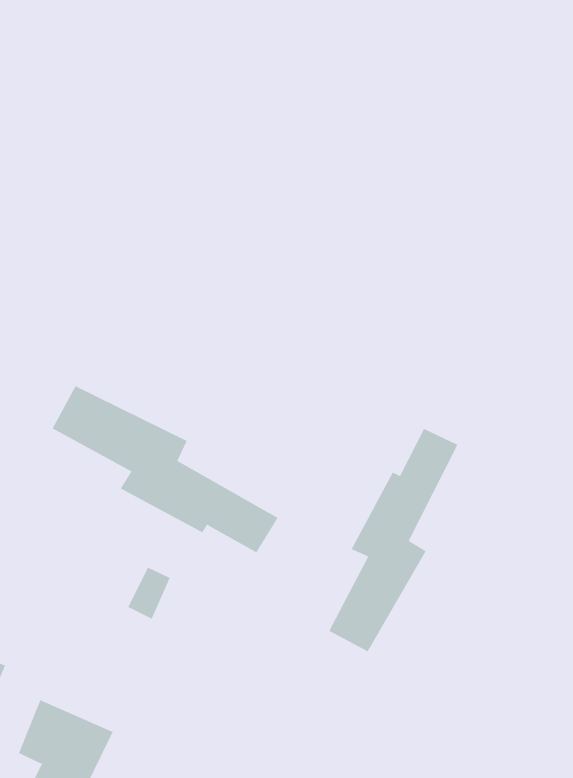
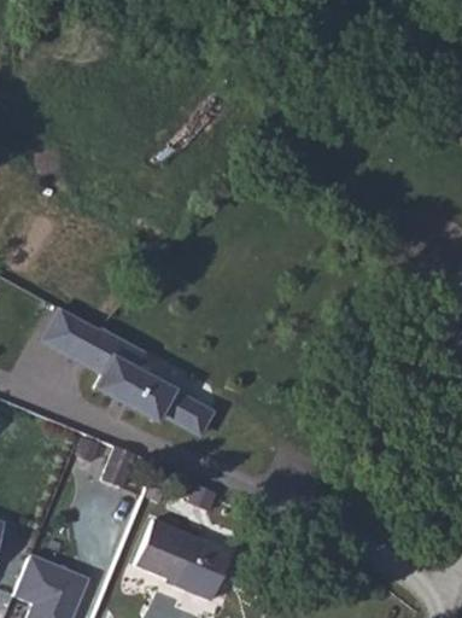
building: [328,428,458,652] -> none
building: none -> [133,519,229,602]

